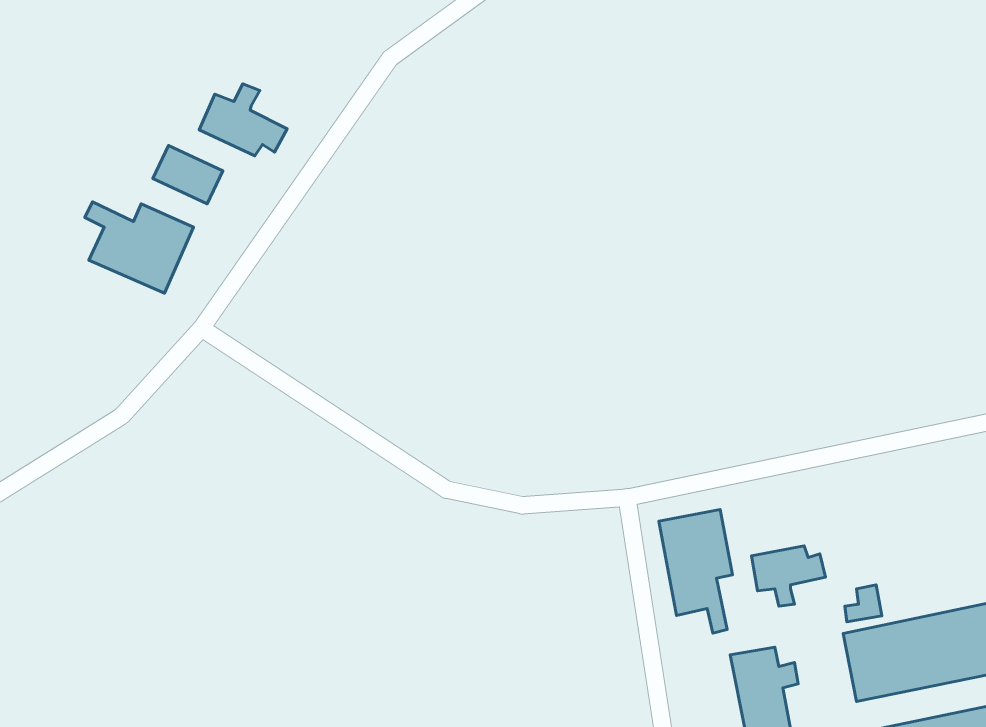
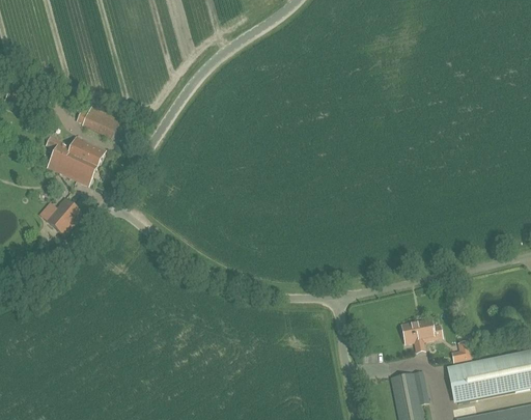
building: [199,84,287,156] -> none
building: none -> [48,199,81,232]
building: [659,509,733,633] -> none

